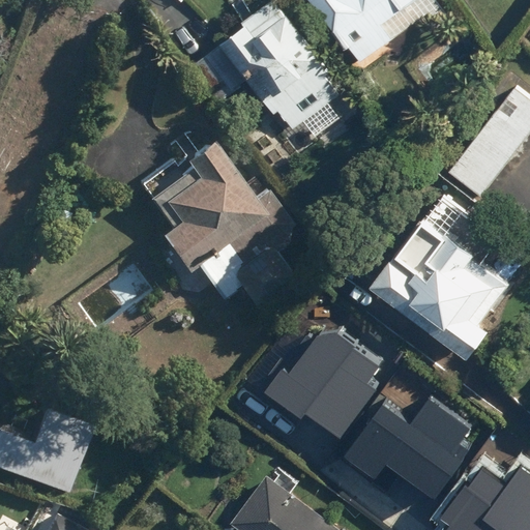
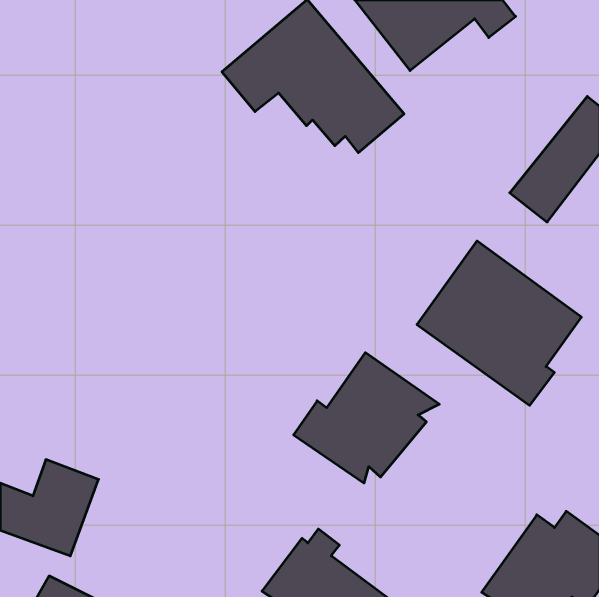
building: [136,140,294,312] -> none
building: [329,389,464,496] -> none

